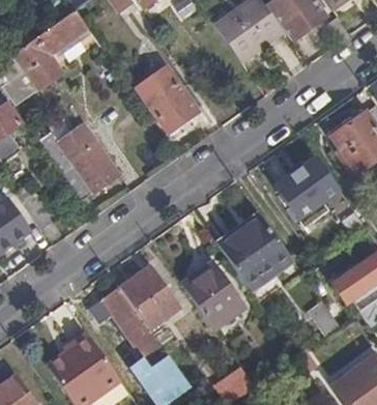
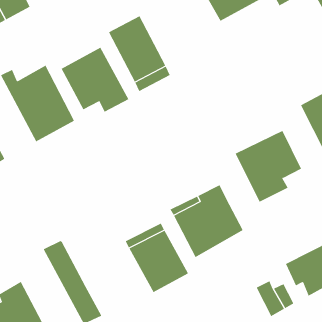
building: none -> [61,47,129,113]
building: [120,268,177,329] -> none

